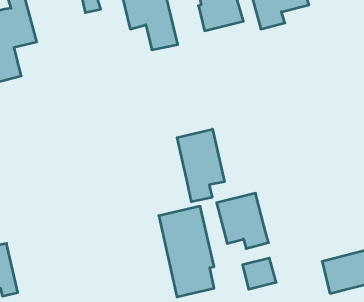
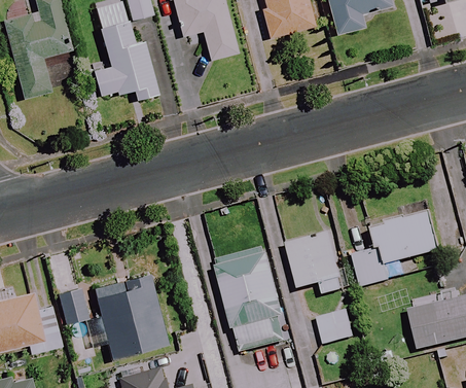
building: none -> [93,20,158,99]
building: [177,129,224,202] -> none
building: none -> [352,216,436,286]
building: none -> [60,272,163,355]

